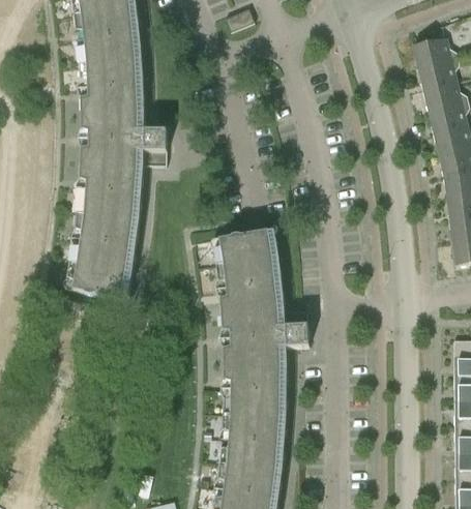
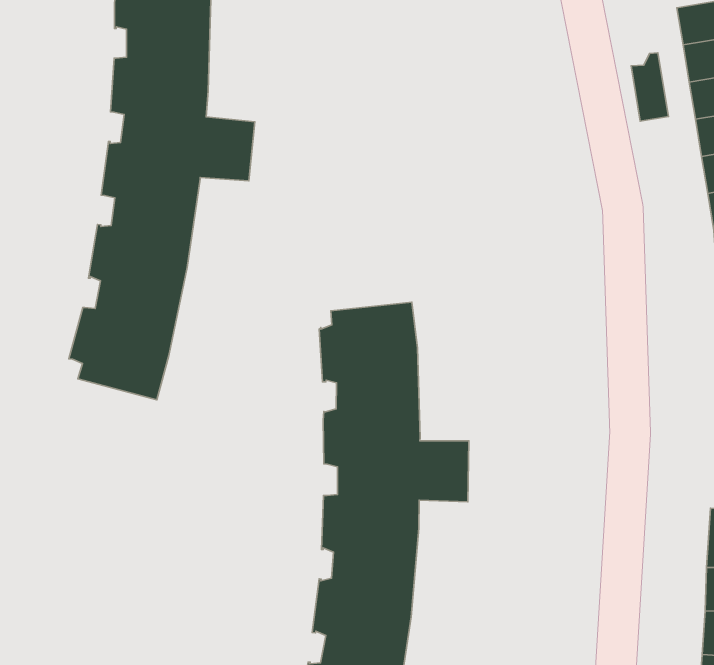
building: none -> [631,53,668,121]

